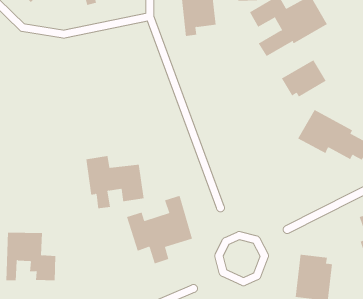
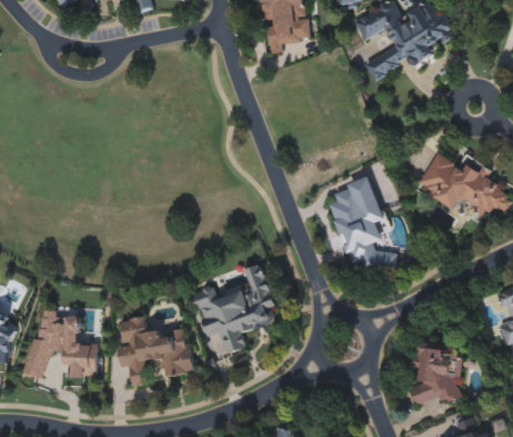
building: [281,59,327,97] -> none
building: none -> [329,178,396,278]
building: [86,156,145,209] -> [115,316,193,386]

